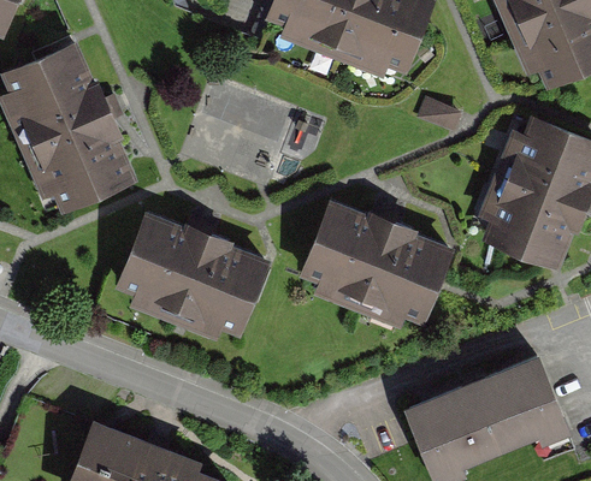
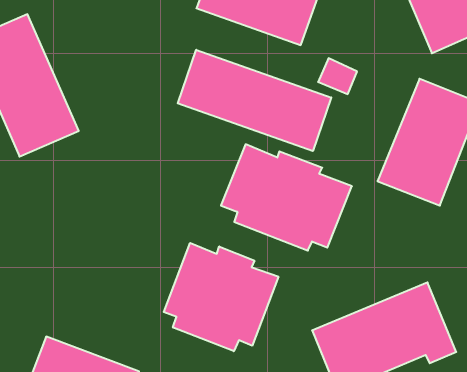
building: none -> [178,50,331,151]
building: [114,209,267,333] -> none
building: none -> [164,243,278,351]

